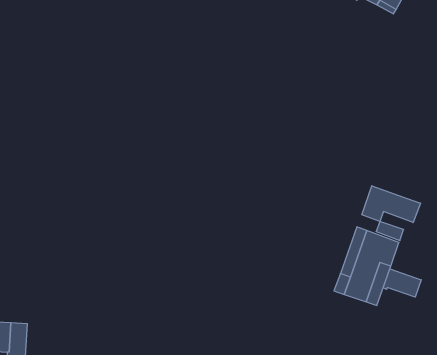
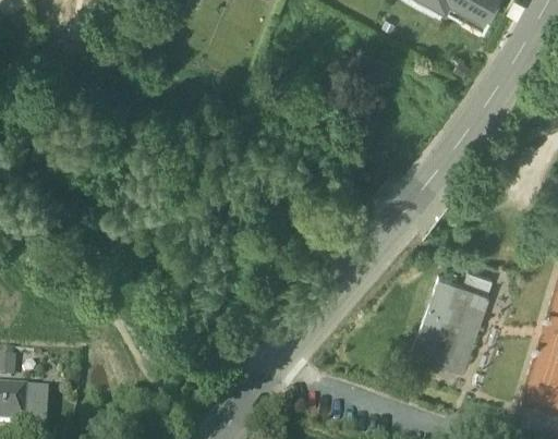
building: [362,186,420,223] -> none
building: [383,269,421,297] -> none

